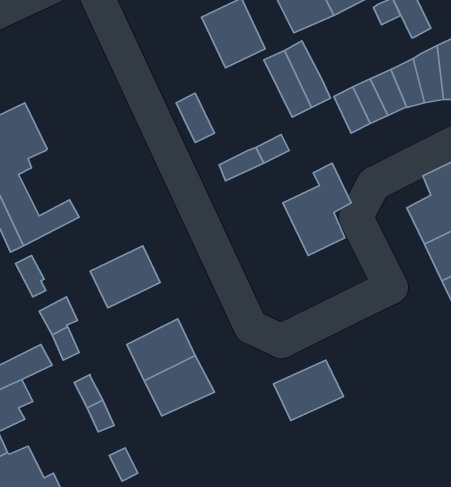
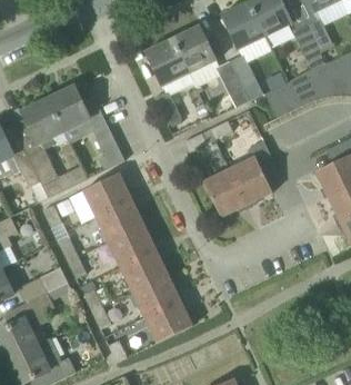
building: none -> [144,38,189,87]
building: none -> [49,86,124,170]
building: none -> [203,168,247,217]
building: none -> [82,172,131,216]
building: none -> [107,224,156,267]
building: [273,360,343,420] -> [144,300,193,343]

